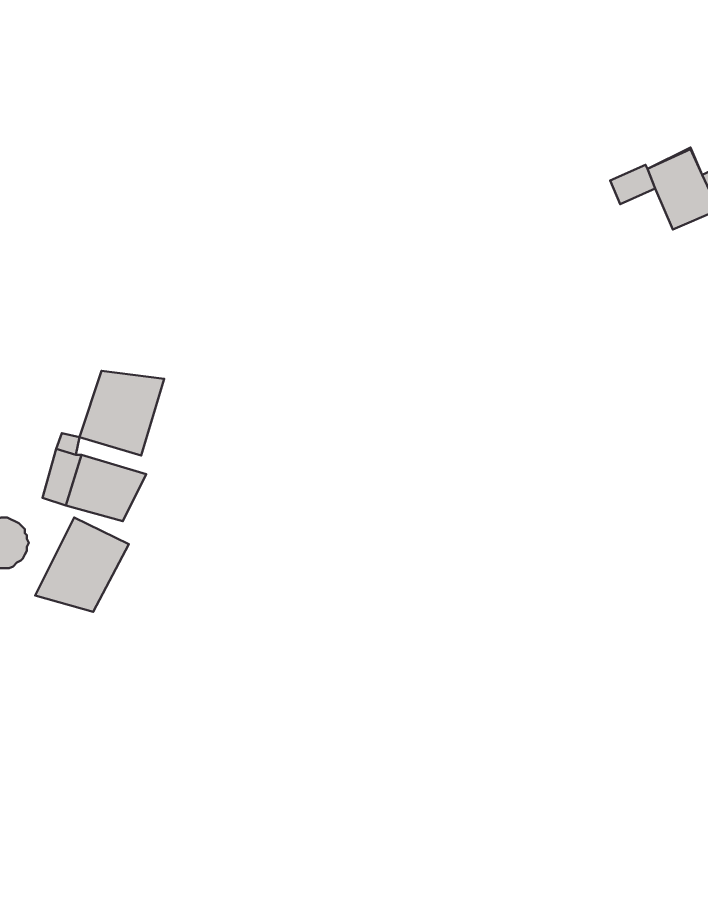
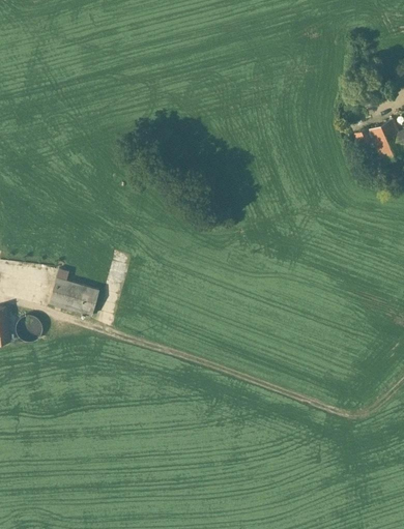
building: [80,371,164,455] -> none
building: [35,517,129,612] -> none

